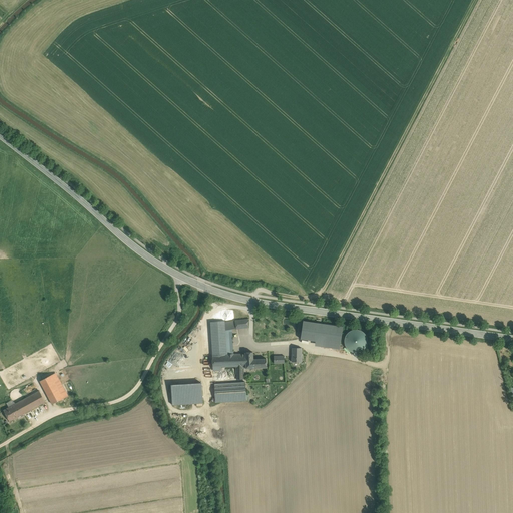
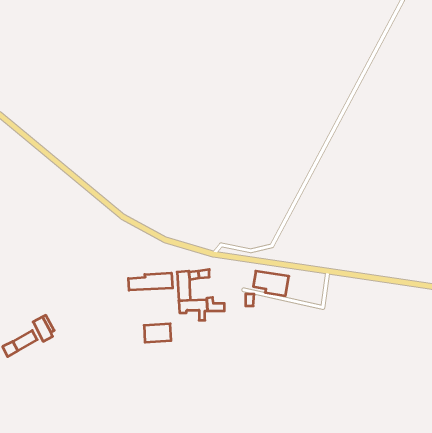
building: none -> [128,273,173,290]
building: [341,329,365,352] -> none
building: [213,382,245,402] -> none

